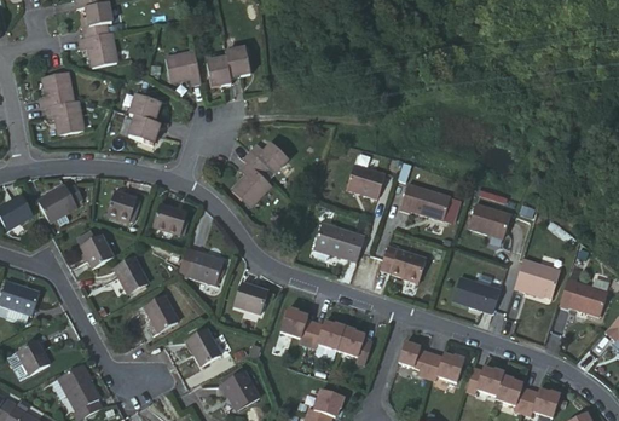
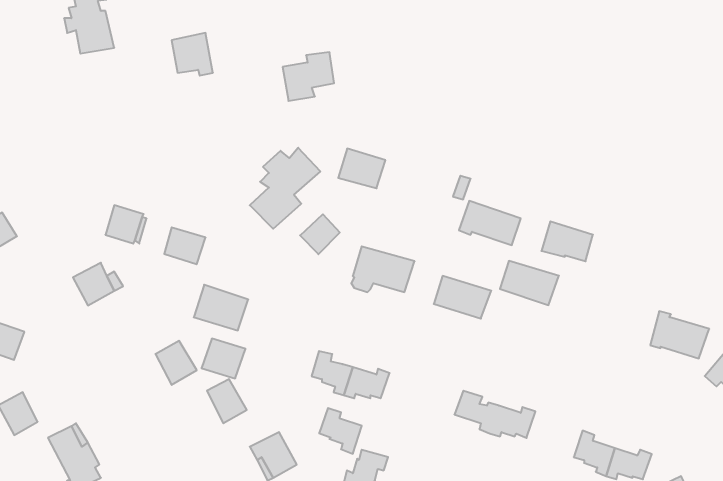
building: [203,45,245,85] -> [283,52,334,101]
building: [36,69,85,132] -> none
building: [125,92,158,140] -> none
building: [343,162,382,195] -> [338,149,385,188]
building: [41,181,86,220] -> none
building: none -> [300,214,340,254]
building: [515,252,561,289] -> none
building: [120,259,154,295] -> none
building: [451,273,499,310] -> [500,261,559,305]
building: [238,286,274,318] -> [201,339,246,378]
building: [336,325,371,363] -> [319,408,362,454]
building: [464,364,502,391] -> none

